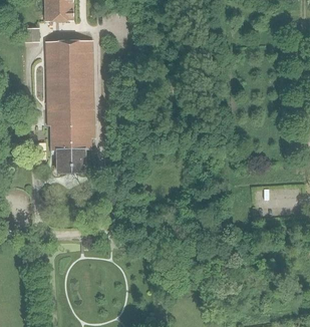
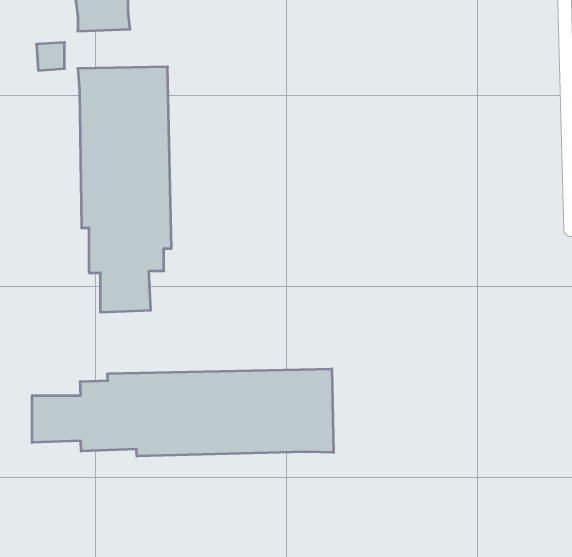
building: none -> [32,369,334,456]

